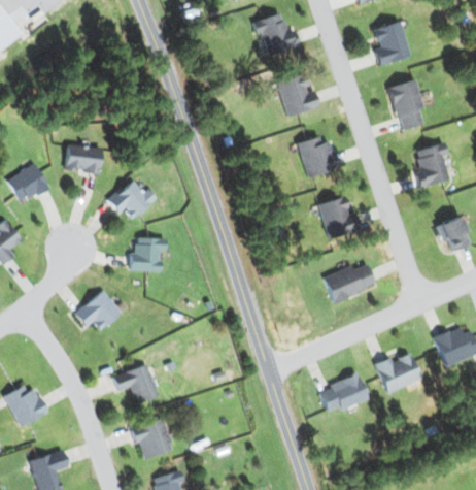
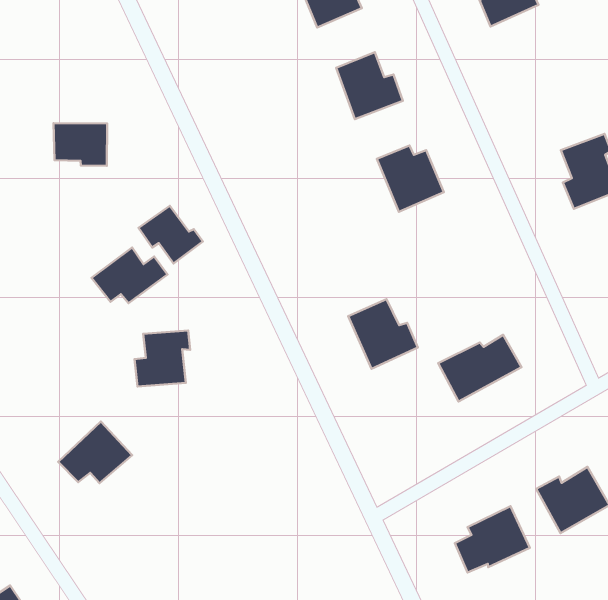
building: [389,79,423,130] -> none
building: [66,144,102,175] -> [54,123,107,166]
building: none -> [139,206,203,264]
building: [317,196,360,239] -> [348,299,418,369]
building: [113,364,159,402] -> none

